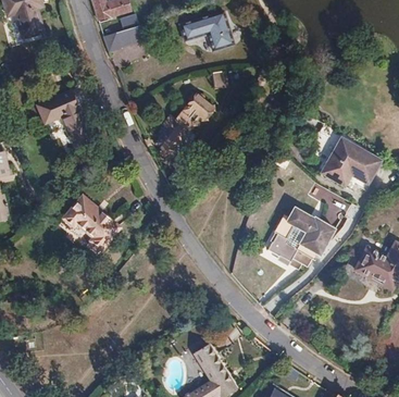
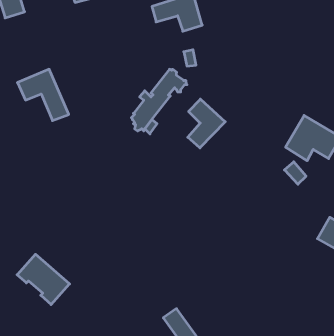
building: [103,26,142,52] -> none
building: none -> [188,99,225,148]
building: [63,196,119,249] -> [17,254,70,305]
building: [266,212,333,269] -> none

